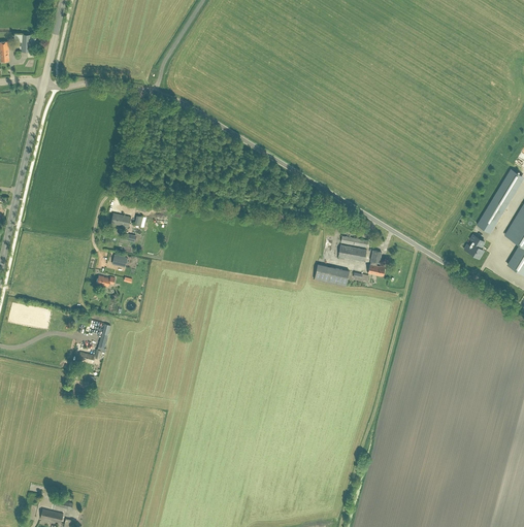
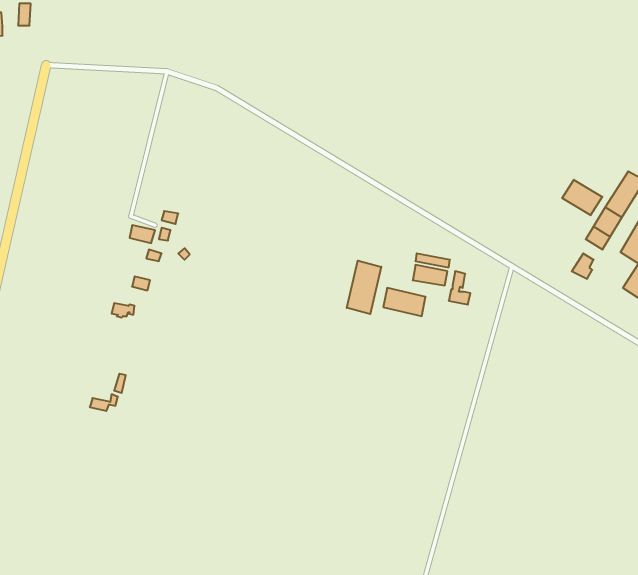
building: none -> [562,180,602,215]
building: none -> [347,261,381,314]

